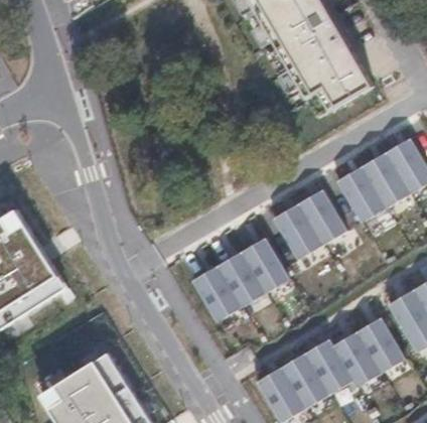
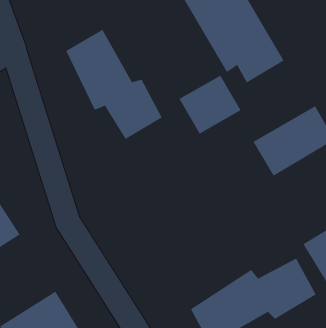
building: none -> [66,29,162,140]
building: [271,189,344,259] -> [178,75,242,134]
building: [190,237,288,321] -> none

